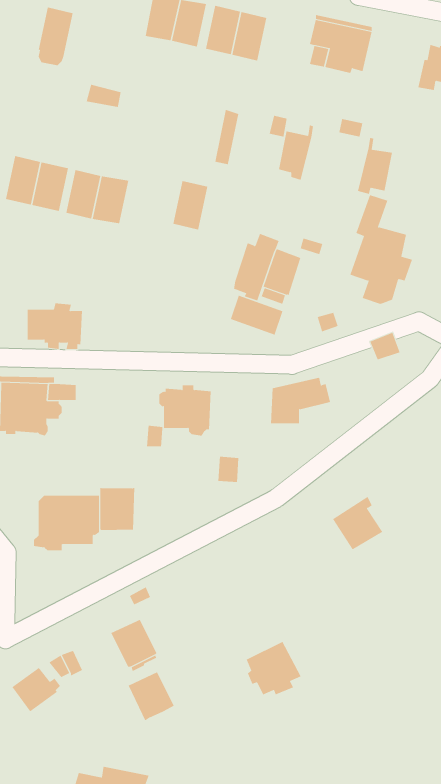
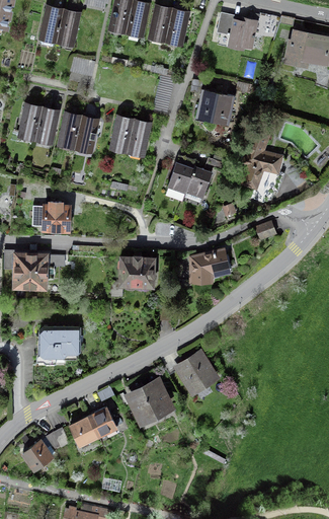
building: none -> [57,12,80,44]
building: [357,137,393,194] -> [212,86,235,124]
building: none -> [110,118,134,150]
building: [230,295,283,336] -> none
building: [100,487,135,531] -> none
building: [332,496,383,550] -> [180,353,214,388]
building: [246,641,302,695] -> [132,382,168,418]
building: [128,672,174,721] -> [68,418,98,450]

